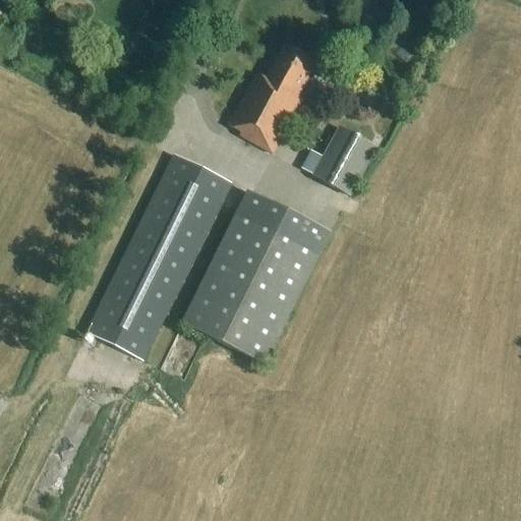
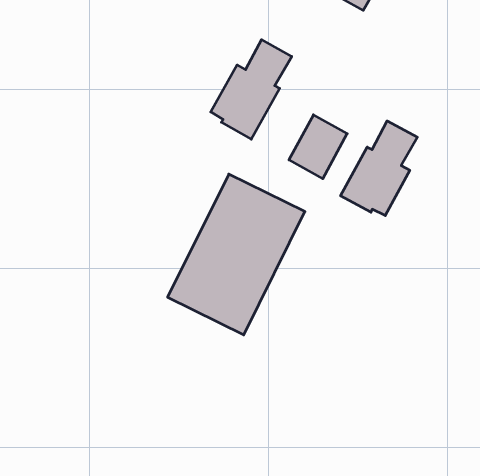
building: none -> [341,121,417,216]
building: [86,153,232,358] -> none

